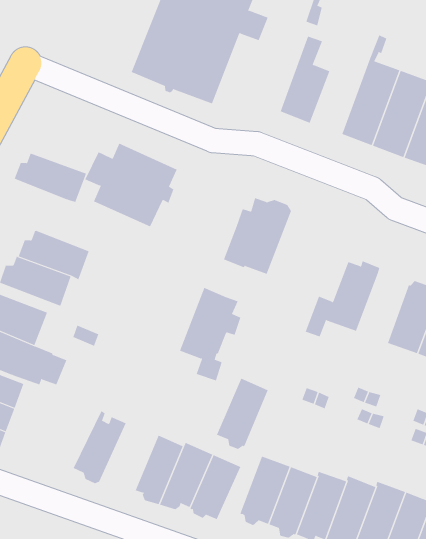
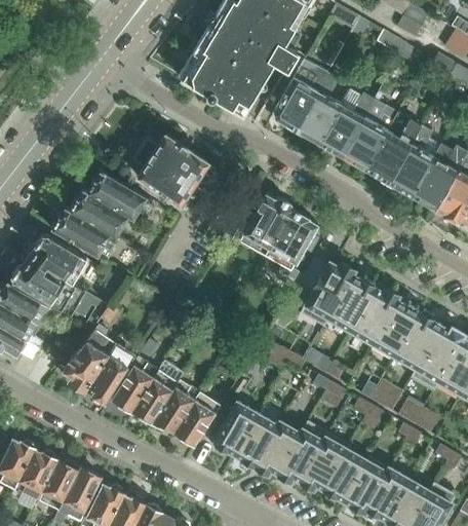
building: none -> [272,63,327,129]
building: none -> [318,85,374,155]
building: [14,153,87,203] -> [87,174,146,219]
building: none -> [328,270,376,327]
building: [179,287,241,381] -> [265,210,318,286]
building: [216,378,269,450] -> [111,356,158,413]
building: none -> [62,324,116,389]

